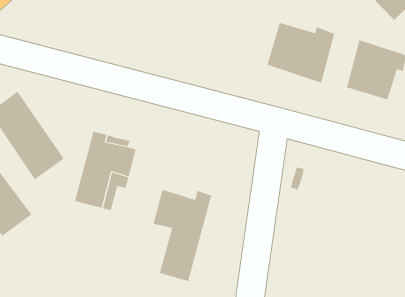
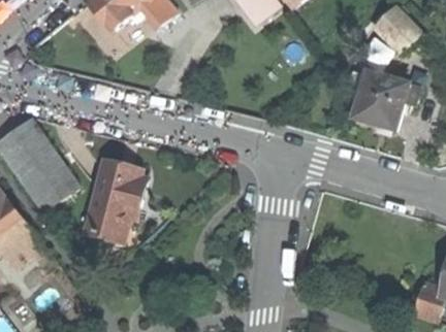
building: [267,22,335,83] -> none
building: [153,189,212,282] -> none

